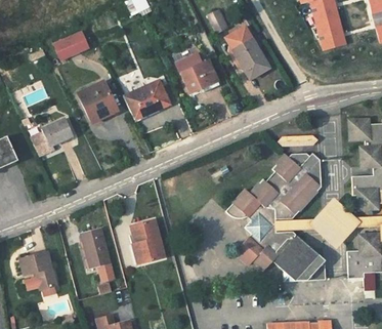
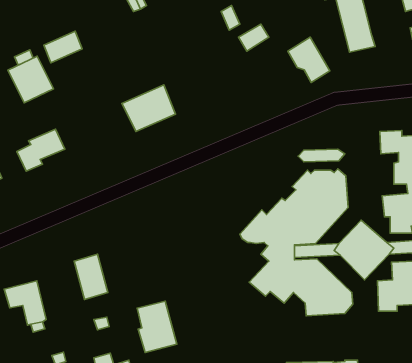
building: [232,37,269,77] -> [288,37,330,83]
building: [176,53,218,93] -> none
building: [78,81,118,122] -> [8,56,53,103]
building: [130,219,165,264] -> [137,301,177,352]

